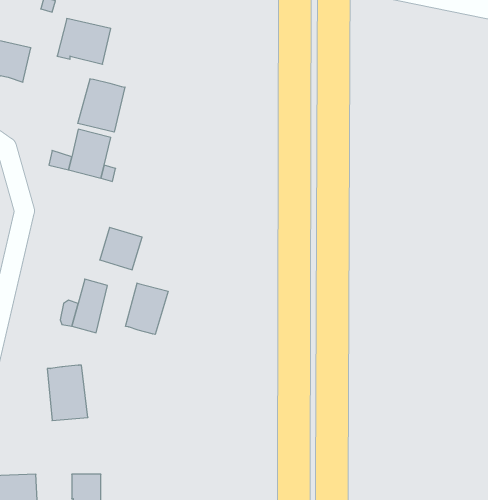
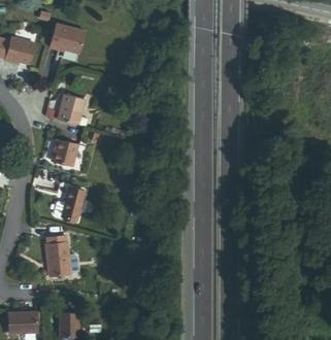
building: [78,79,125,132] -> none
building: [100,227,142,270] -> [51,137,77,164]
building: [126,283,168,334] -> none

